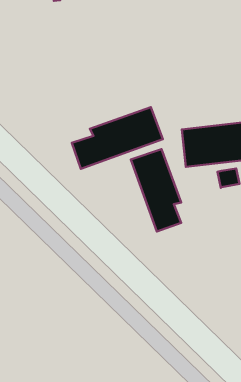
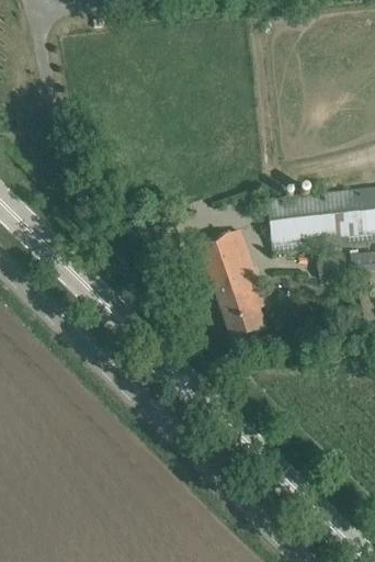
building: [72,107,163,169] -> none

